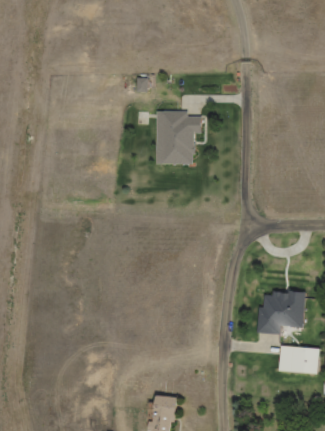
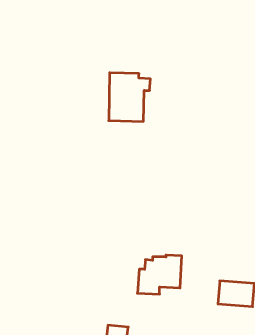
building: [256,291,306,335] -> [137,255,182,294]

